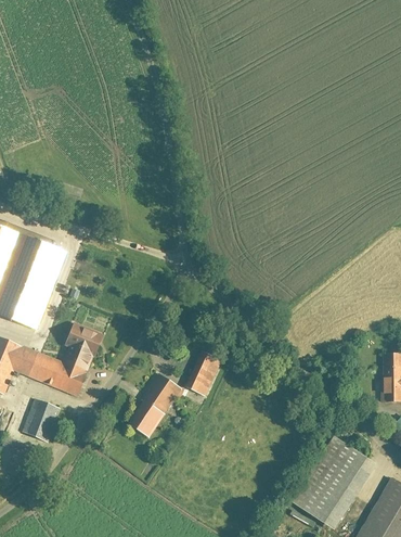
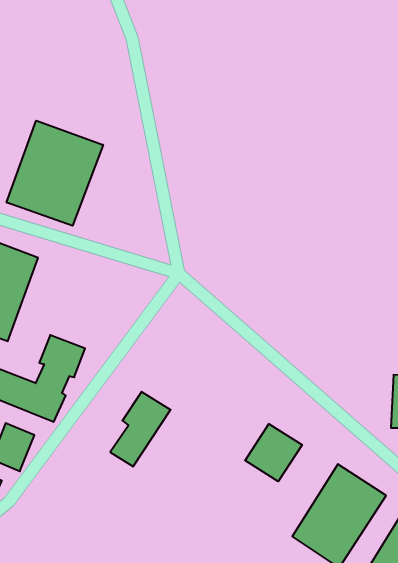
building: none -> [7,121,103,226]
building: [185,351,222,395] -> none
building: none -> [245,424,302,481]

